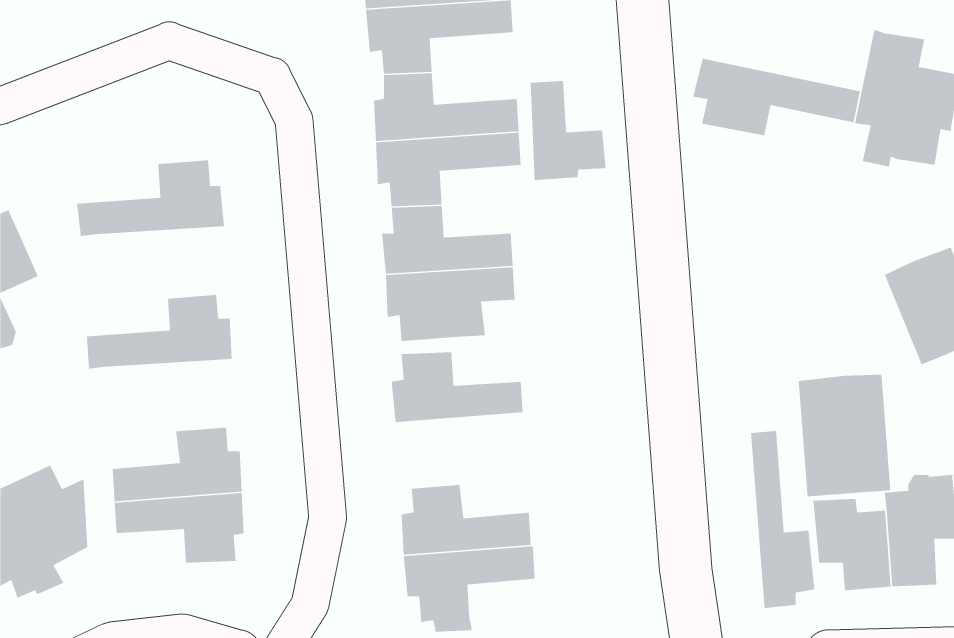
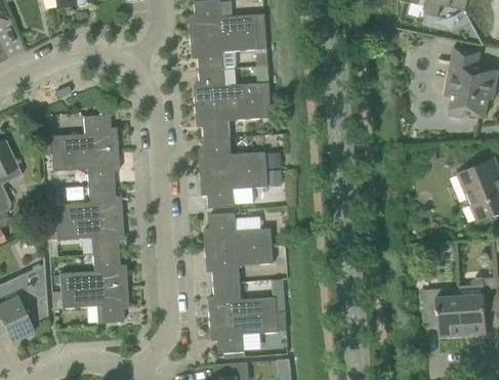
building: [692,58,861,136] -> none
building: [530,80,606,181] -> none
building: none -> [51,149,119,185]
building: none -> [55,217,124,254]
building: [798,374,891,497] -> none
building: none -> [206,245,275,284]
building: [750,430,815,609] -> none

